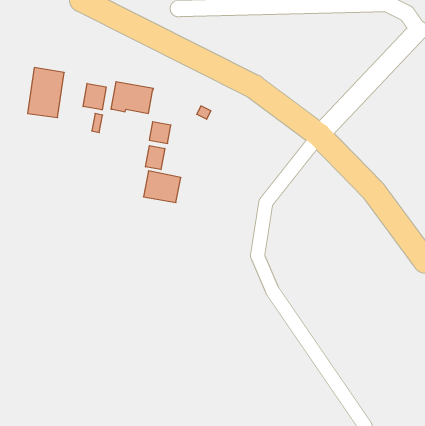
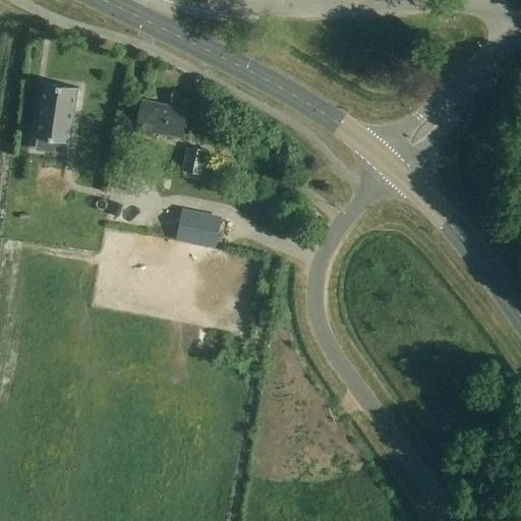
building: [83,83,106,110] -> none
building: [146,146,165,170] -> none

